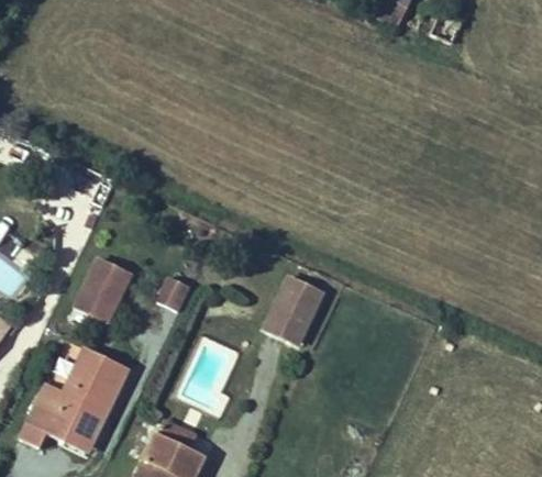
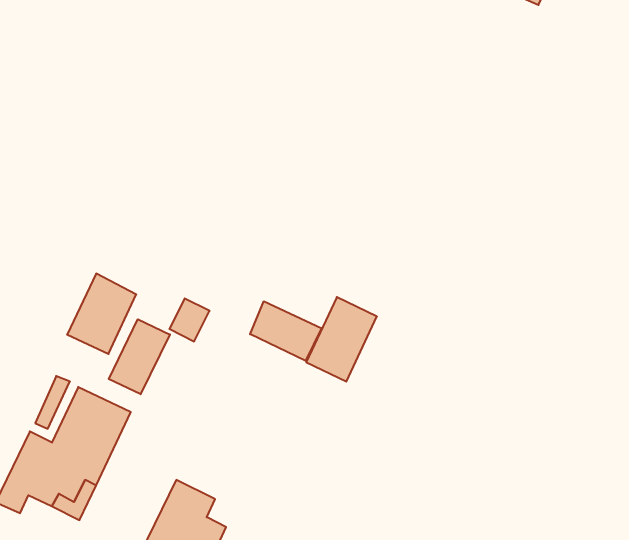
building: none -> [250,301,321,361]
building: none -> [109,319,170,394]

